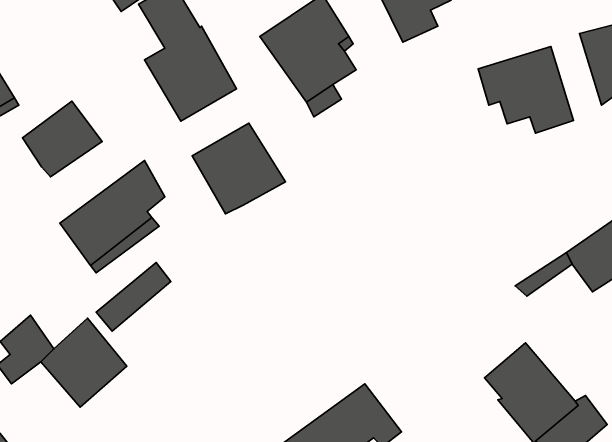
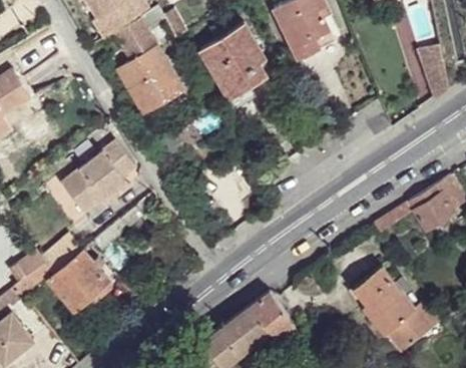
building: [478,47,574,133] -> none
building: [22,101,102,177] -> none
building: [192,123,286,214] -> none

